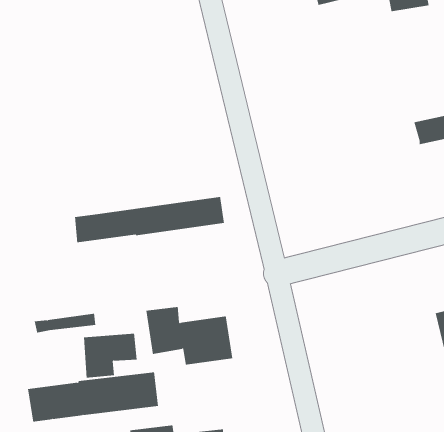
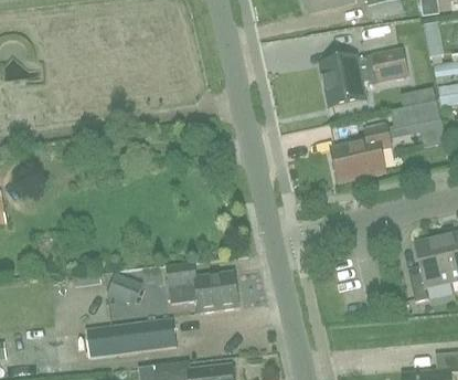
building: none -> [321,45,407,105]
building: none -> [330,125,390,180]
building: [75,196,225,243] -> none

